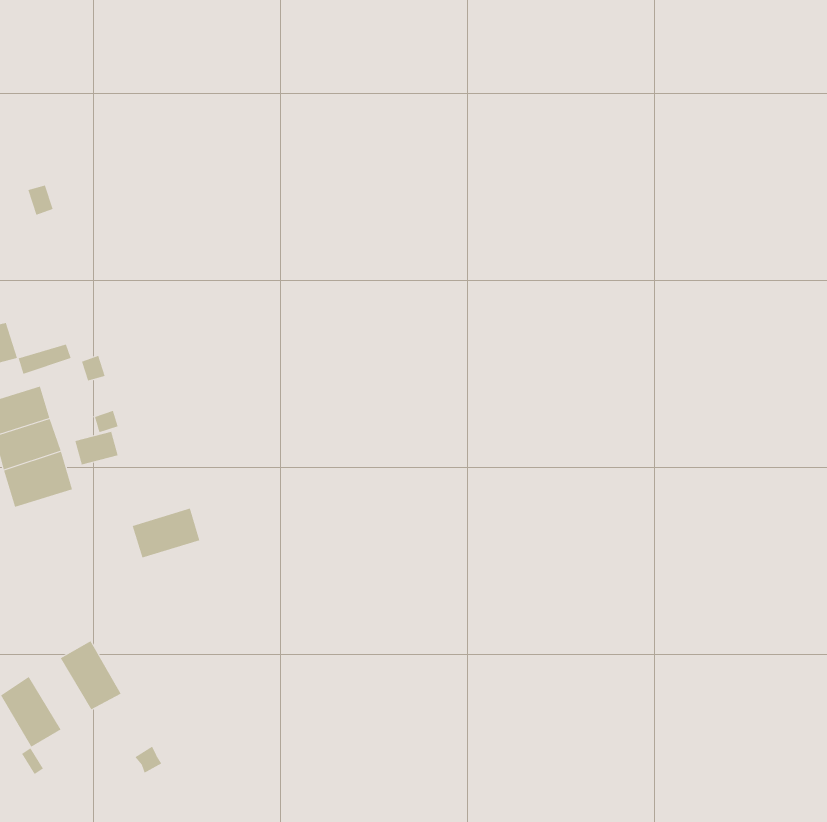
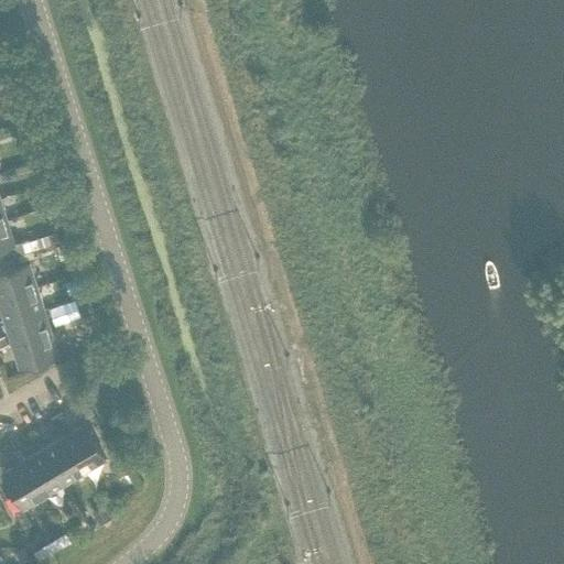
building: [132,508,200,558] -> [10,337,56,371]
building: none -> [62,427,104,476]
building: none -> [20,452,62,500]

